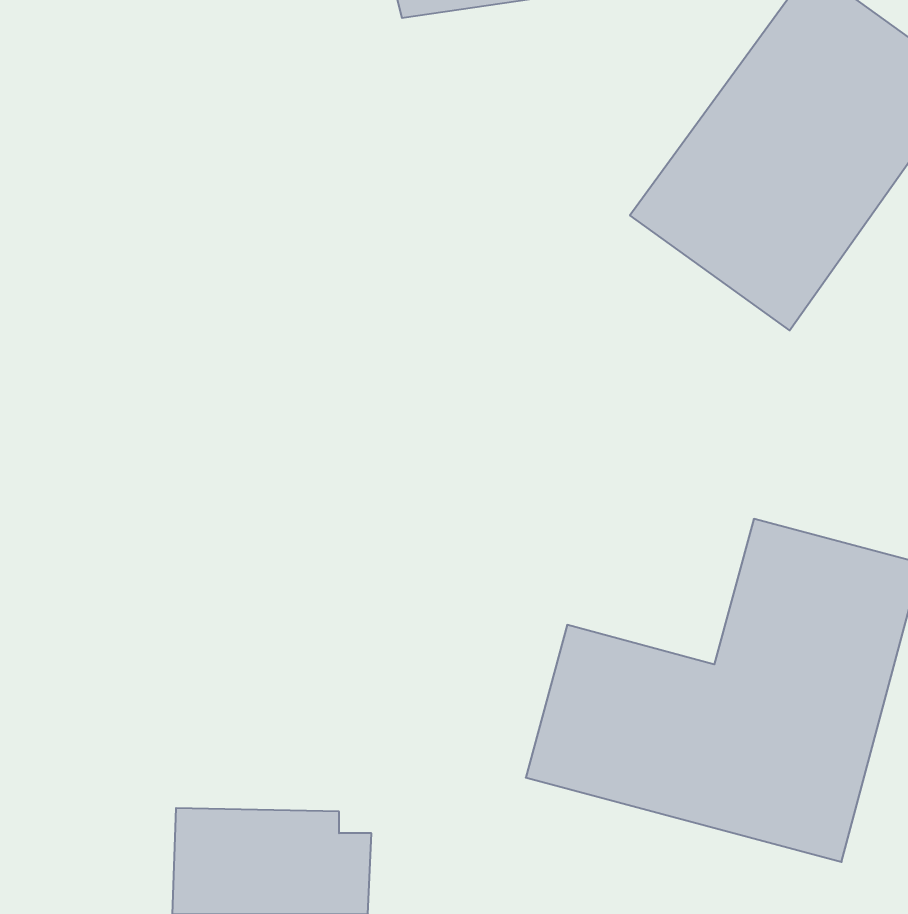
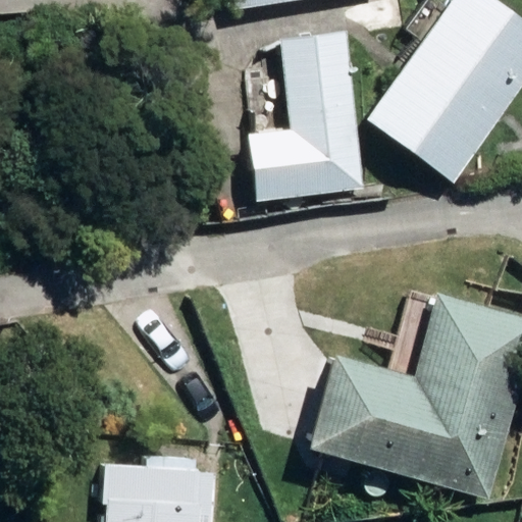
building: none -> [248,34,366,202]

